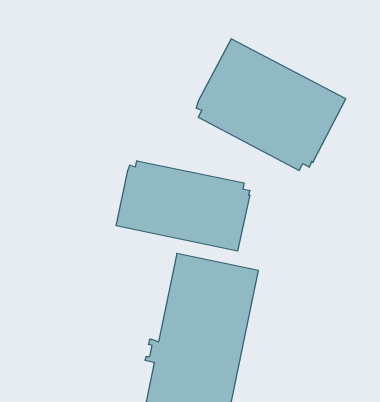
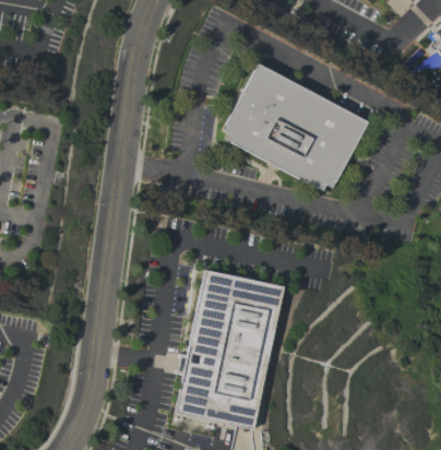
building: [116,161,250,251] -> none

